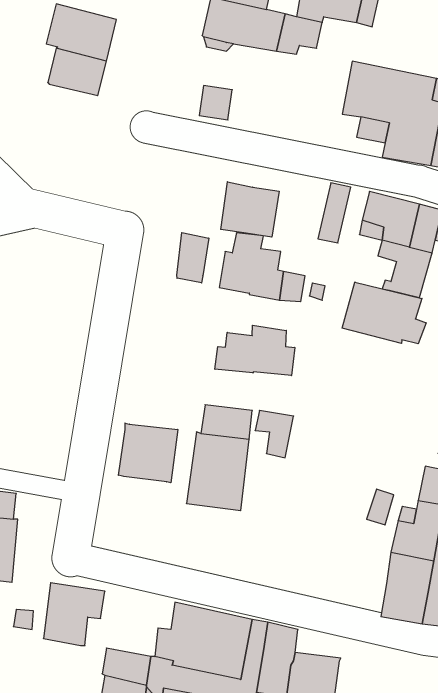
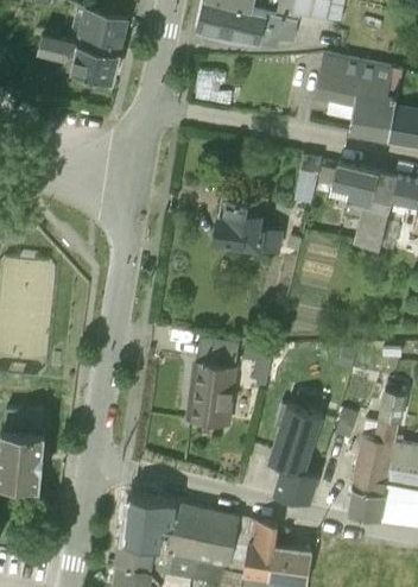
building: none -> [38,34,78,76]
building: [221,182,279,237] -> none
building: [177,233,209,283] -> none
building: [342,282,426,344] -> none
building: [215,325,295,376] -> none
building: [118,423,178,483] -> none
building: none -> [267,404,323,506]
building: [43,583,105,646] -> [125,497,176,549]

